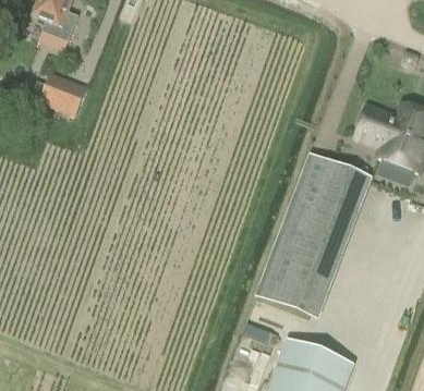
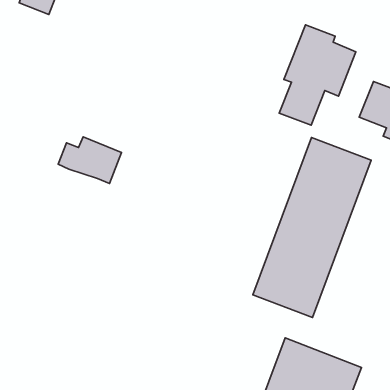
building: none -> [279,25,356,125]
building: [31,71,88,113] -> [58,137,121,183]

